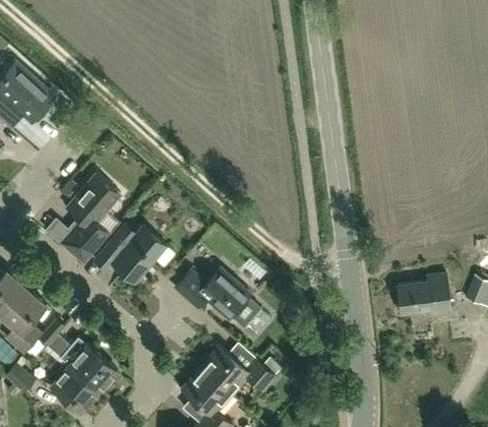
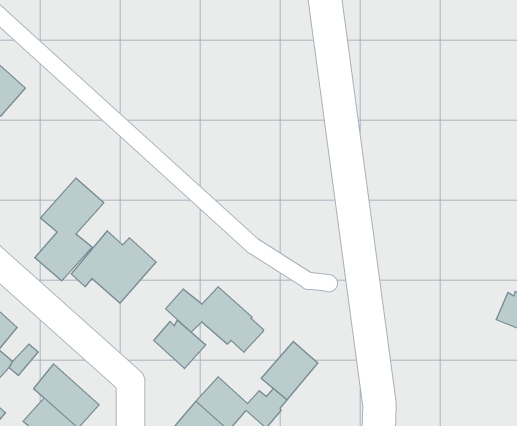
building: [396,276,450,314] -> none
building: none -> [154,320,206,369]
building: none -> [261,341,318,400]

